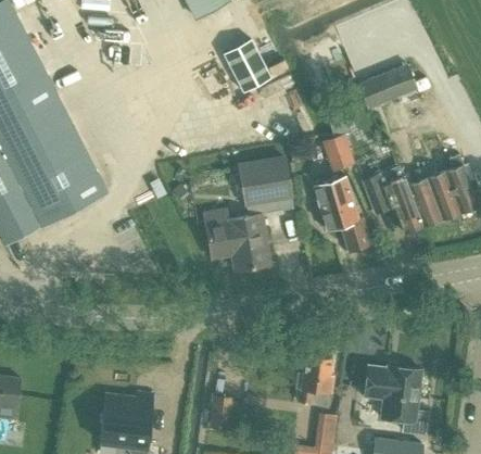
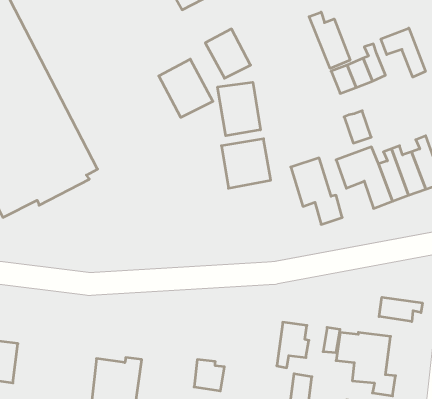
building: none -> [309,12,350,68]
building: none -> [381,28,425,77]
building: none -> [159,59,213,117]
building: none -> [218,82,260,136]
building: [324,136,353,171] -> [344,111,371,143]
building: [205,214,270,270] -> none
building: none -> [379,297,422,322]

